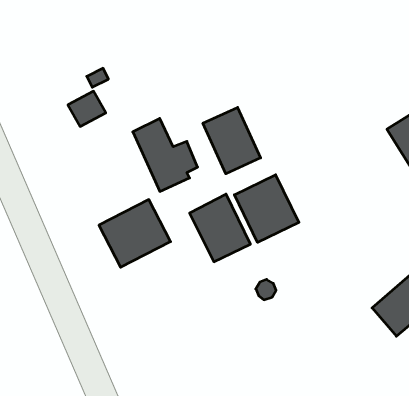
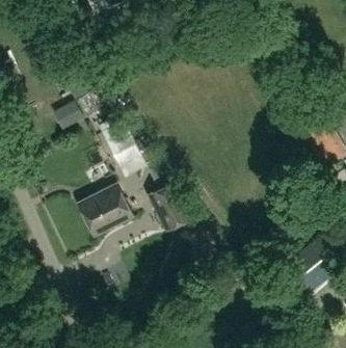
building: [203,107,261,174] -> none
building: [234,175,299,242] -> none

